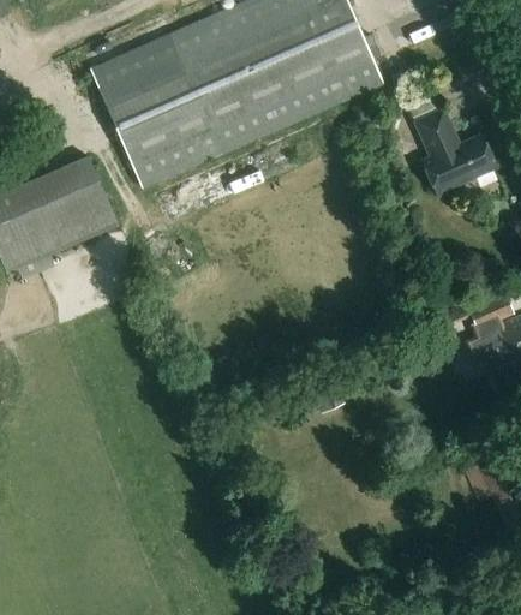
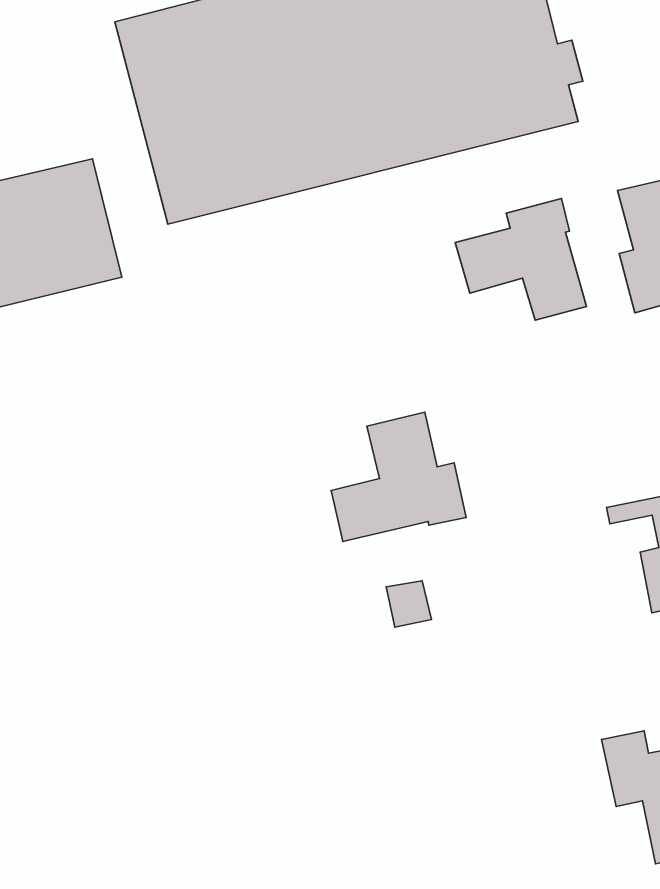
building: none -> [455,199,586,320]
building: none -> [331,412,466,541]

